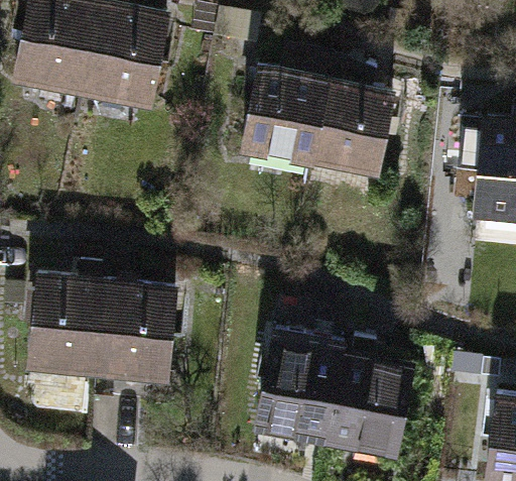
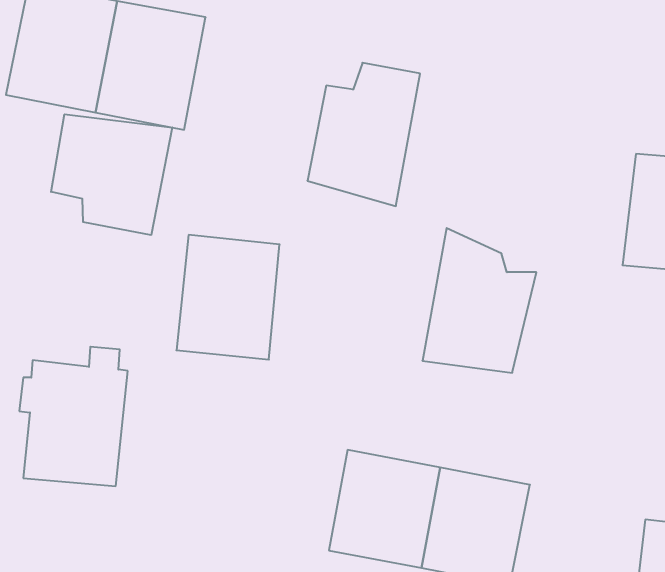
building: [309,65,395,173] -> [422,228,536,373]
building: none -> [51,114,172,235]
building: [99,288,176,382] -> [176,235,280,360]

